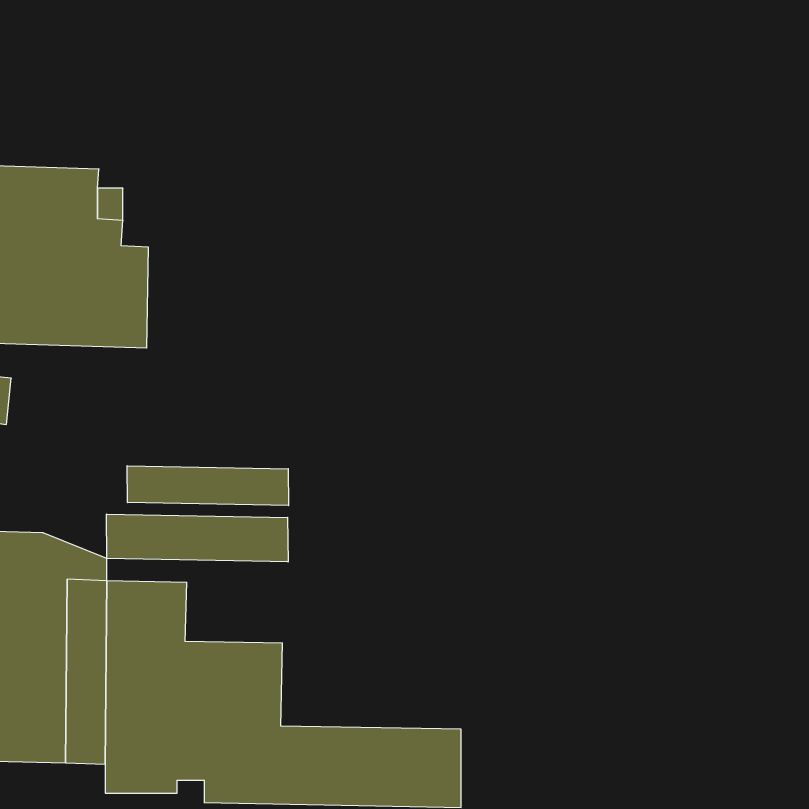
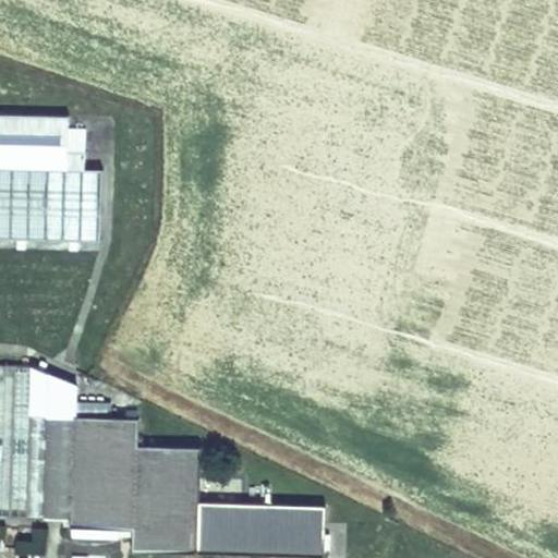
building: [127,466,289,506] -> none
building: [107,514,288,562] -> none

